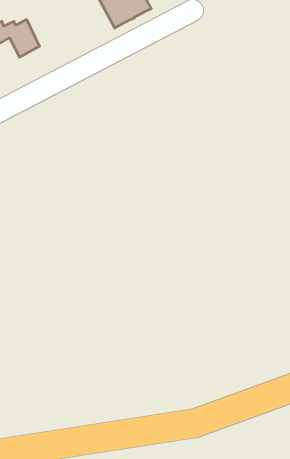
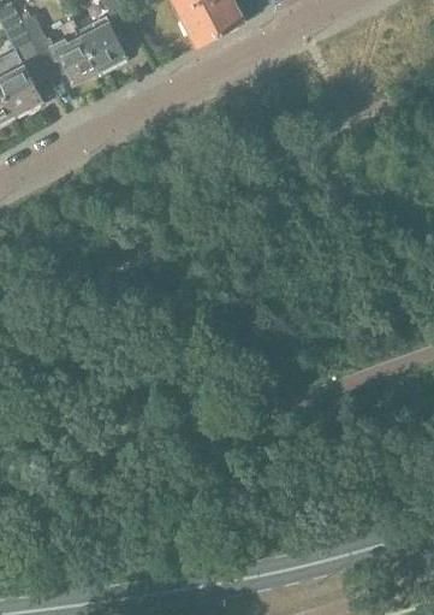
building: none -> [81,14,125,69]

